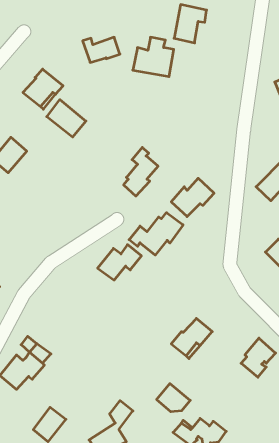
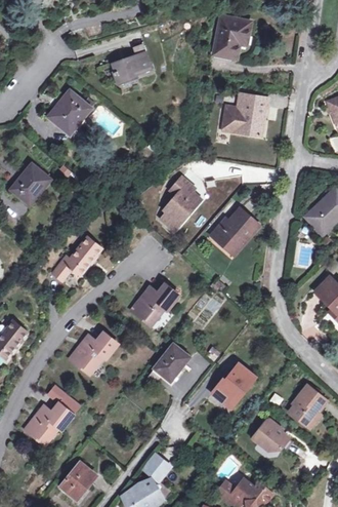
building: [133,37,174,77] -> [218,91,263,134]
building: [47,100,86,137] -> none
building: none -> [50,235,100,279]
building: [129,213,183,255] -> none
building: none -> [67,332,115,371]
building: none -> [153,344,188,381]
building: [157,384,190,412] -> [252,421,289,452]

